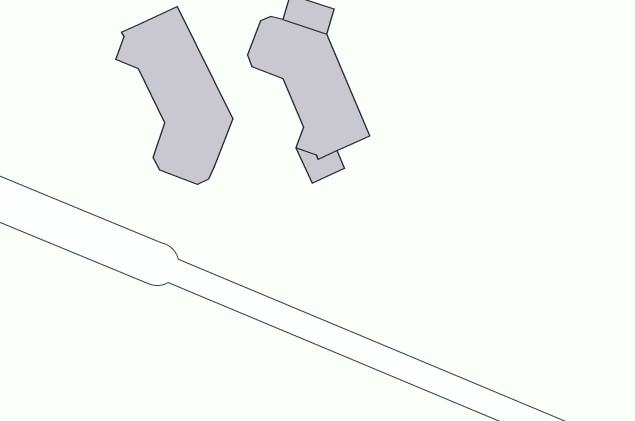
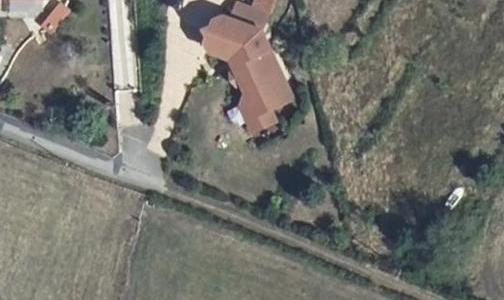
building: [116,7,233,184] -> none

